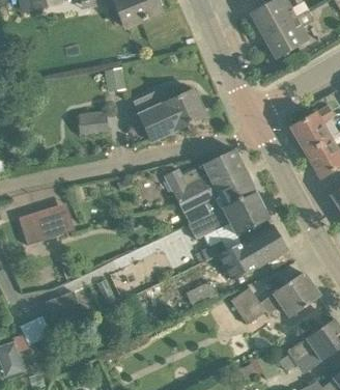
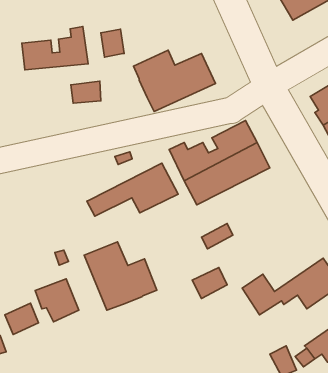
building: none -> [22,27,88,70]
building: [188,191,270,239] -> [87,163,178,216]
building: [18,206,58,245] -> none
building: [222,225,286,276] -> none
building: none -> [84,242,157,310]

